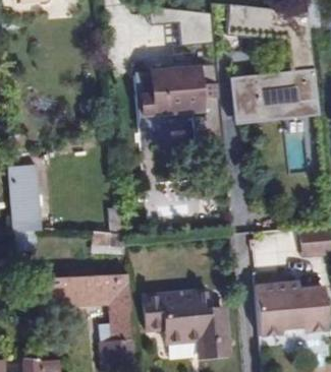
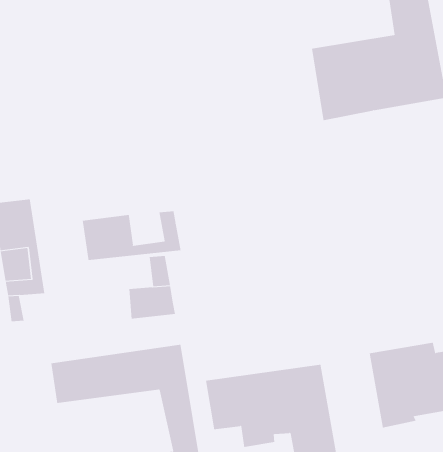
building: [135,60,222,140] -> none
building: none -> [82,210,181,261]

